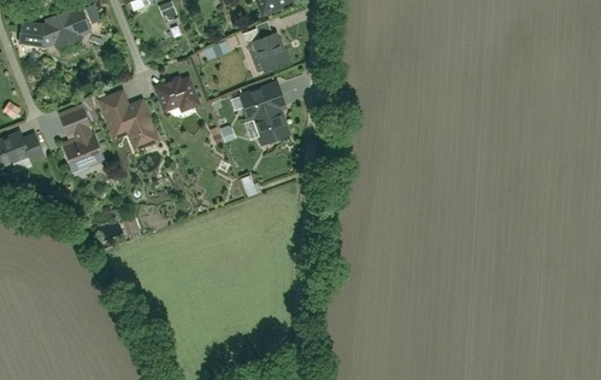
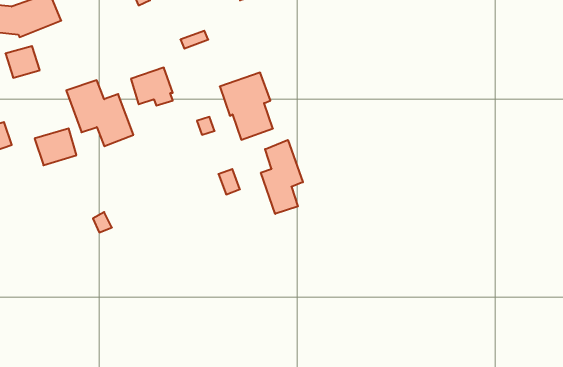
building: [251,31,289,72] -> none
building: [59,106,92,136] -> [5,46,40,78]
building: none -> [261,140,303,214]

